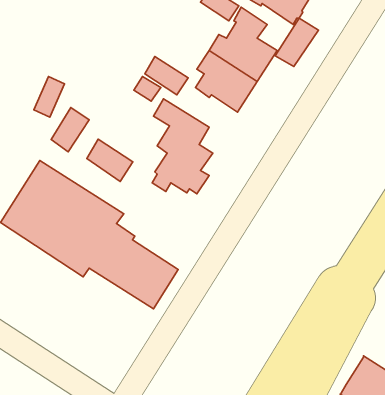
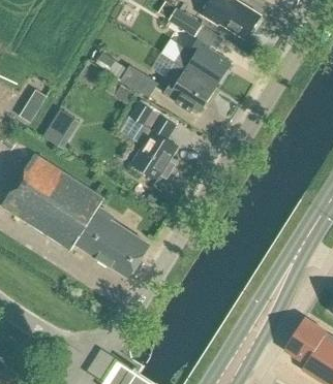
building: [275,18,318,67] -> none
building: [87,139,133,182] -> none

